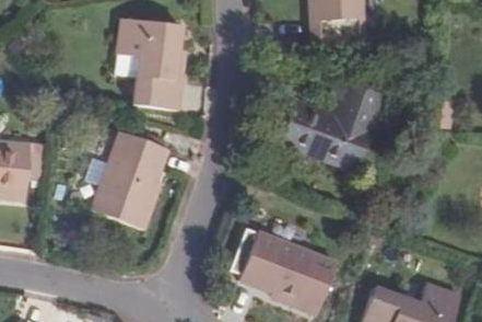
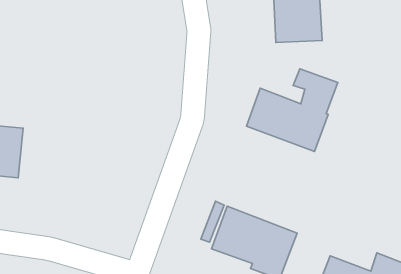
building: [118,18,185,110] -> none
building: [91,131,166,229] -> none

